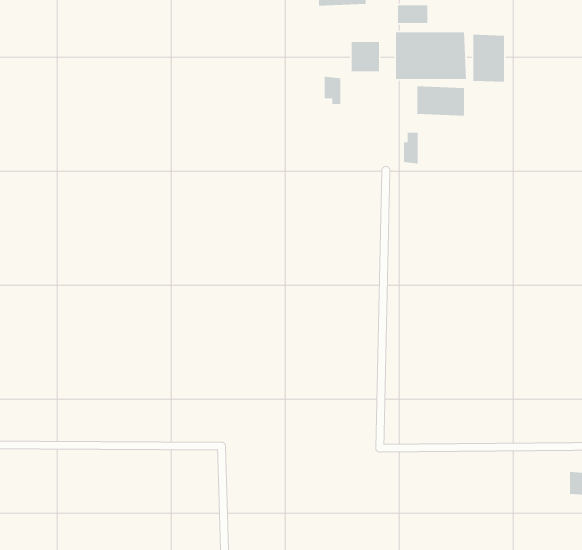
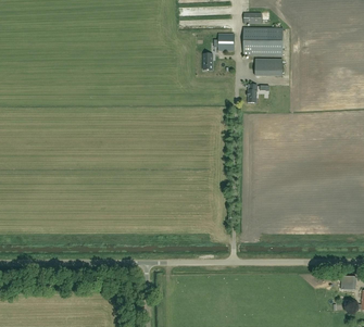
building: [473,34,505,82] -> none

